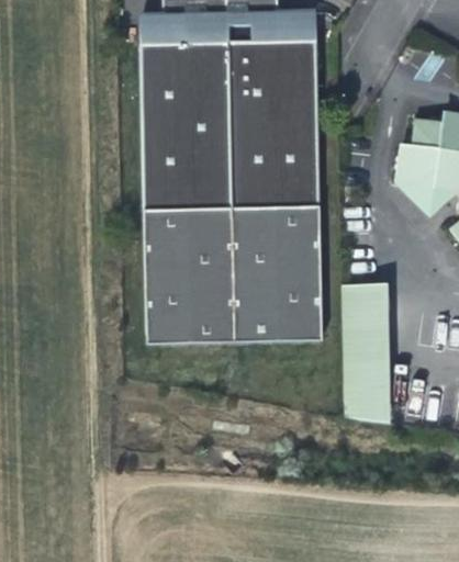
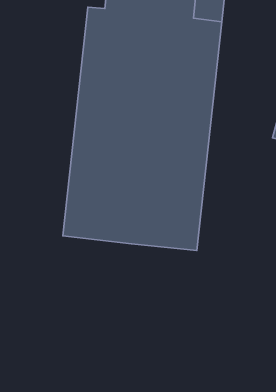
building: [343,279,390,420] -> none

